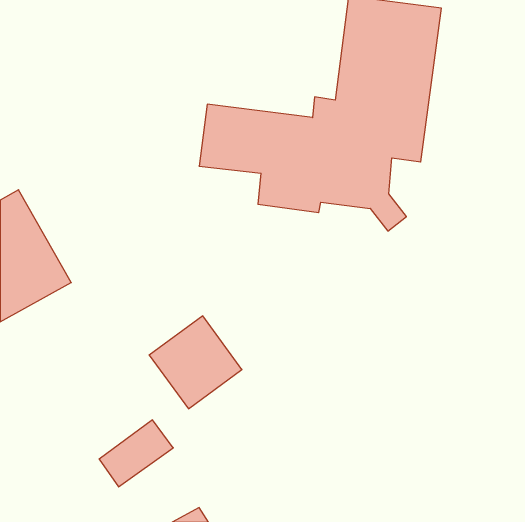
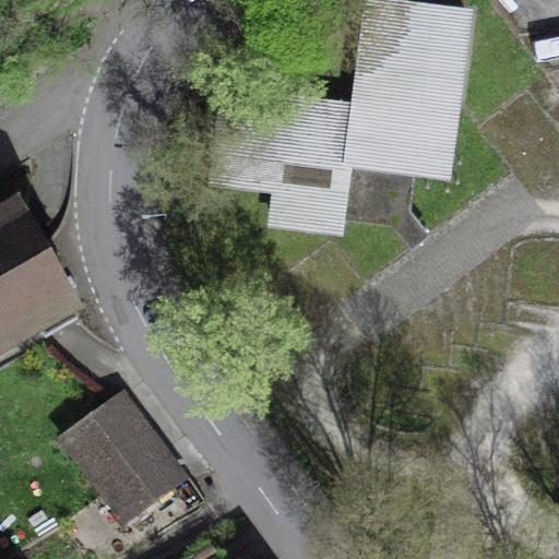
building: [149,316,242,409] -> [66,388,164,486]

